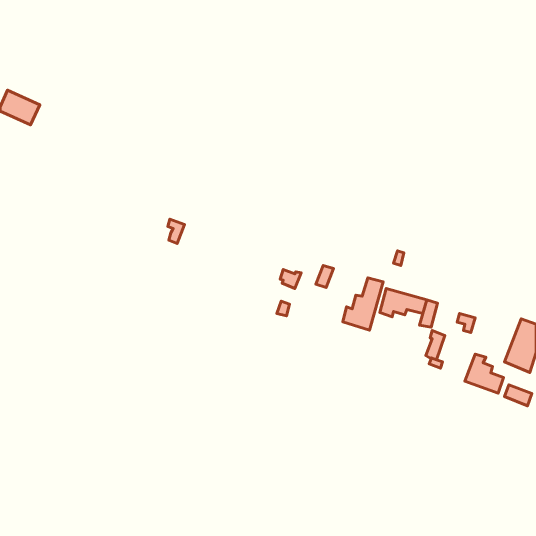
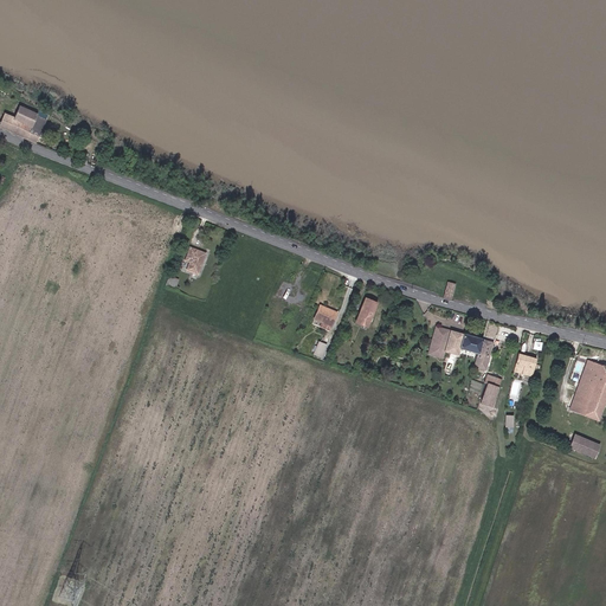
building: [343,278,383,330] -> none
building: [465,354,503,393] -> none

